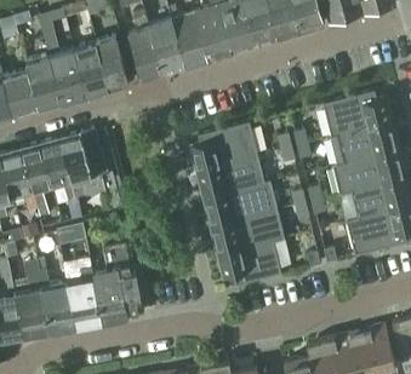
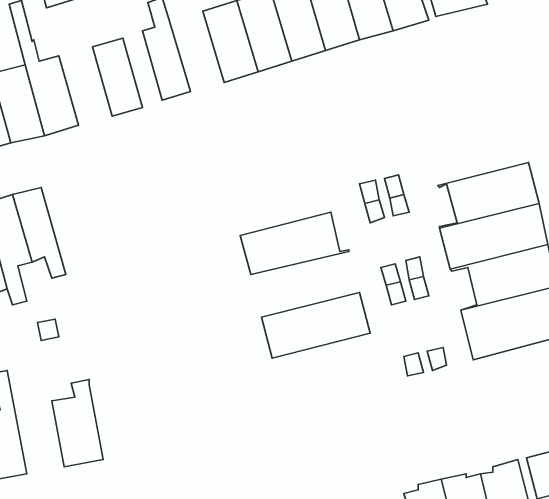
building: [145,19,183,74] -> none
building: [70,44,107,97] -> none
building: [321,92,390,138] -> none
building: [188,123,256,172] -> none
building: [58,131,116,211] -> none
building: [201,183,275,228] -> none
building: [216,238,282,286] -> none
building: [91,244,142,324] -> none
building: [35,261,74,334] -> none

